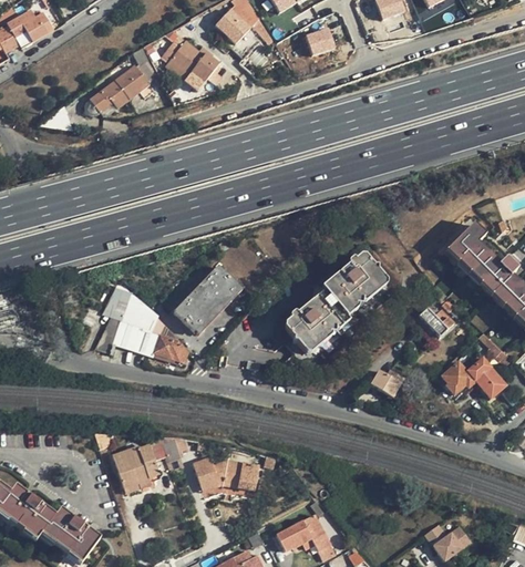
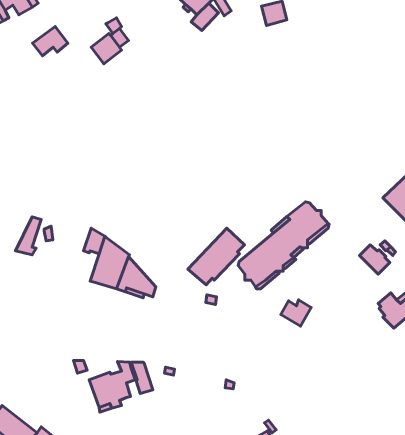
building: [162,40,219,81] -> none
building: [90,80,130,113] -> [33,27,68,56]
building: [174,266,238,330] -> [188,228,244,285]
building: [95,310,124,353] -> [16,217,41,255]
building: [369,368,403,398] -> [281,300,311,326]
building: [193,457,259,489] -> none

